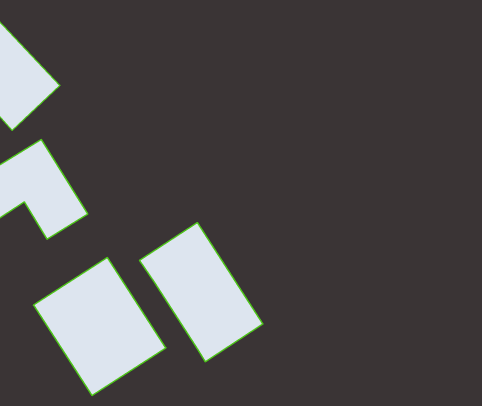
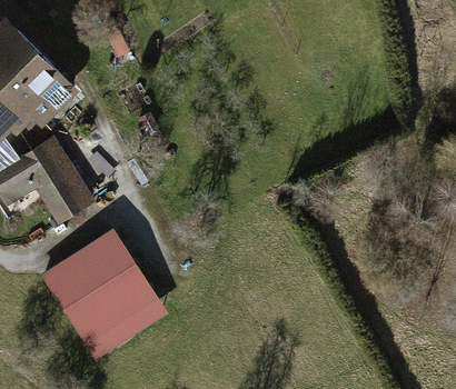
building: [140,223,263,362] -> none

